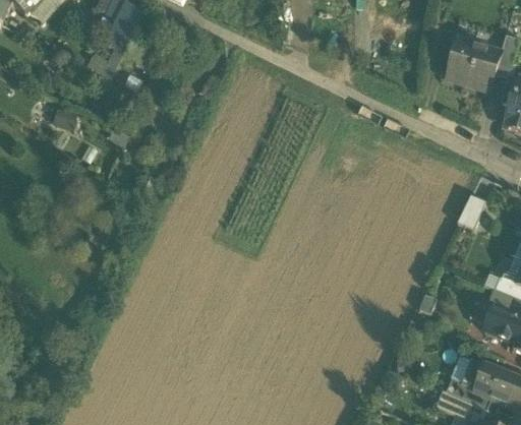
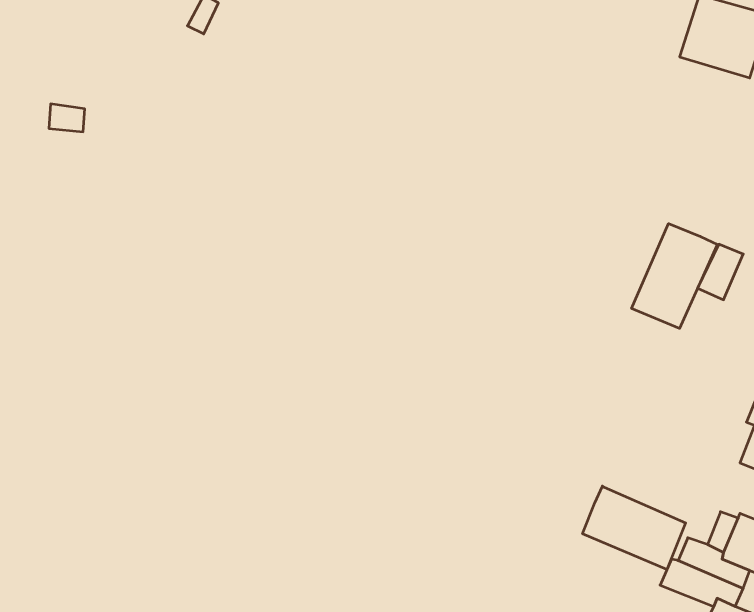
building: none -> [632,224,718,328]
building: none -> [583,486,686,570]

